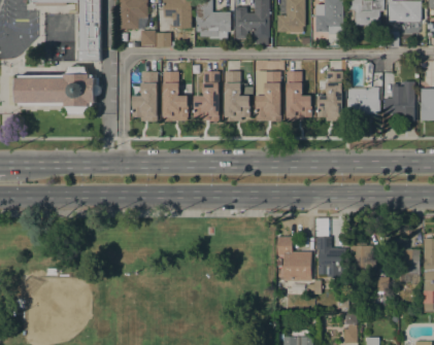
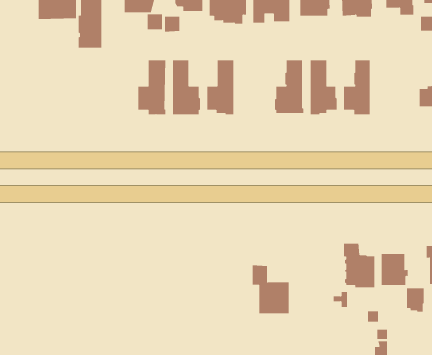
building: [15,65,101,113] -> none
building: [225,71,249,120] -> none
building: [345,73,381,117] -> none
building: [277,236,311,280] -> [252,265,290,314]

